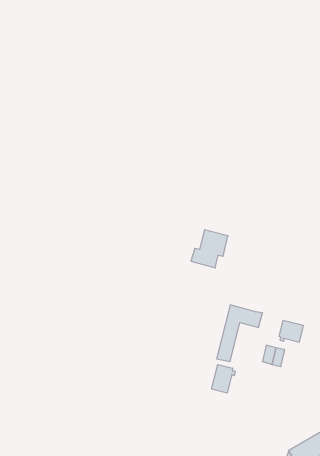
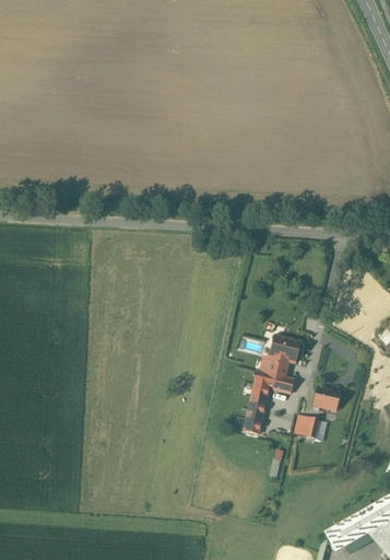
building: [191,230,228,268] -> [259,335,300,377]
building: [212,365,235,393] -> none

